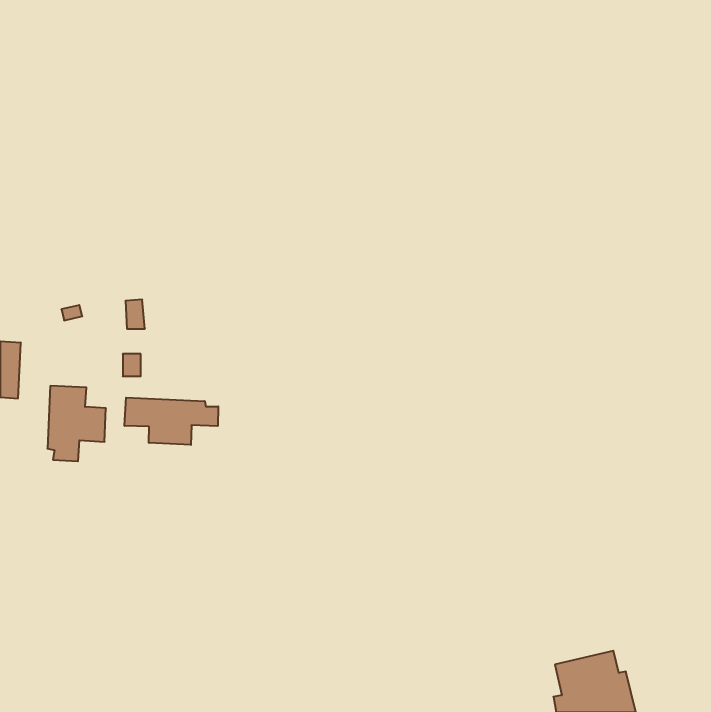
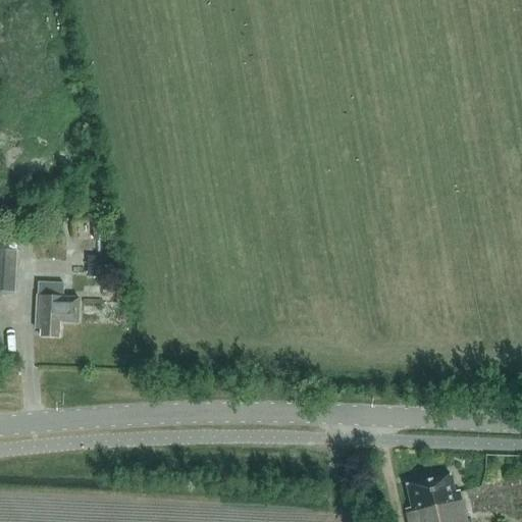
building: [125,398,218,445] -> none

